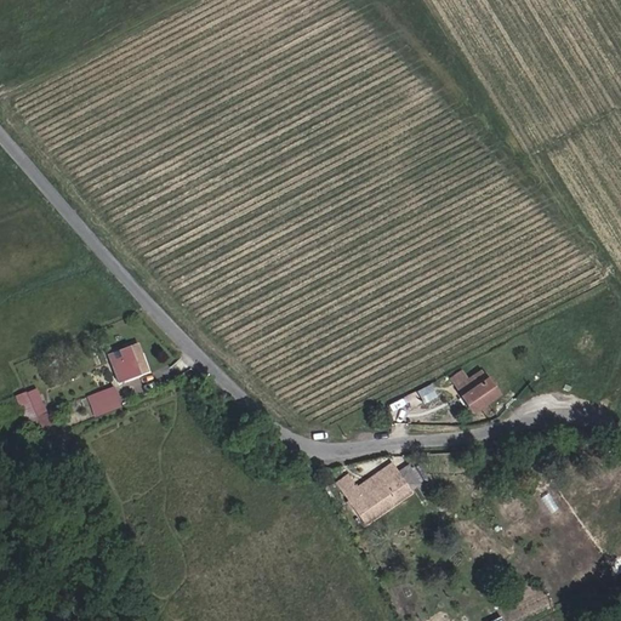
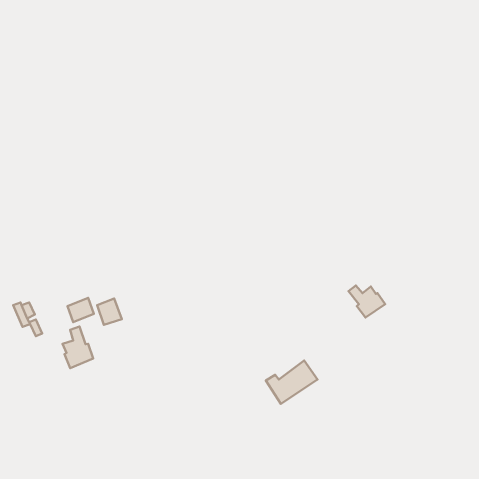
building: [109,346,141,380] -> [97,298,122,325]
building: none -> [62,327,93,368]

